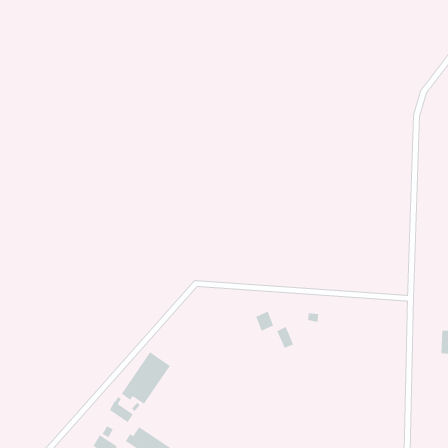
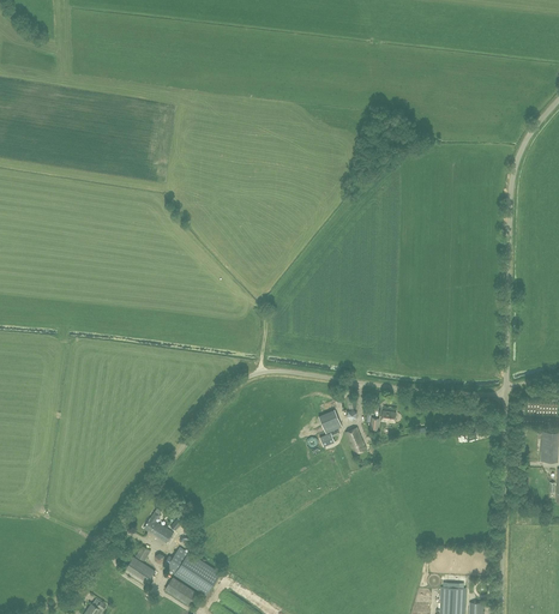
building: [121,351,171,405] -> none

